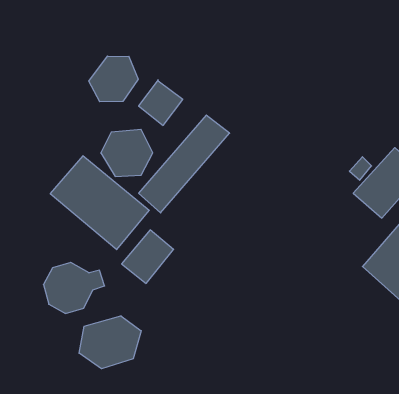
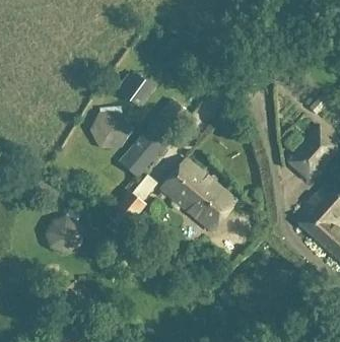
building: [89,56,138,102] -> none
building: [50,156,149,250] -> [160,159,237,232]
building: [79,316,141,369] -> none

